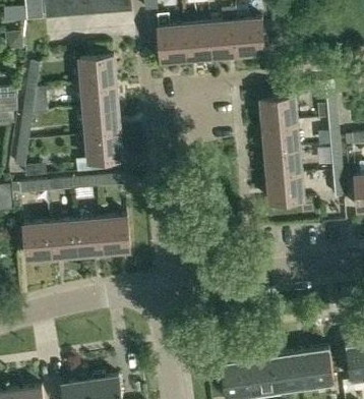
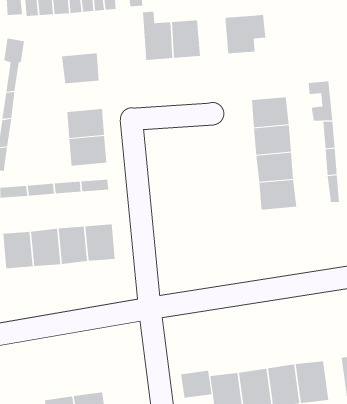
building: [208,9,237,58] -> none
building: [81,81,118,111] -> none
building: none -> [181,370,212,399]

